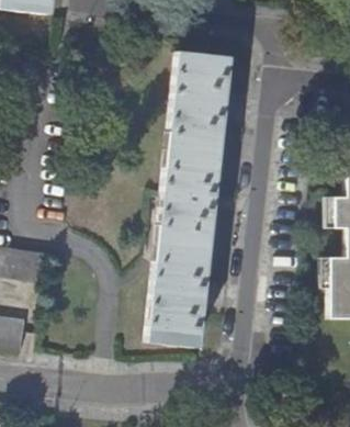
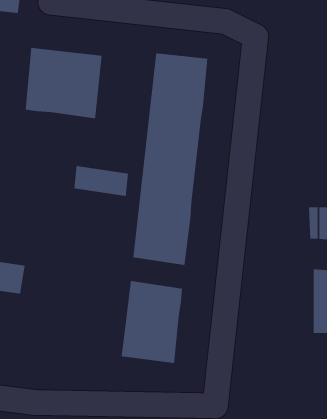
building: none -> [25,47,102,119]
building: [156,247,208,277] -> [74,165,129,197]

